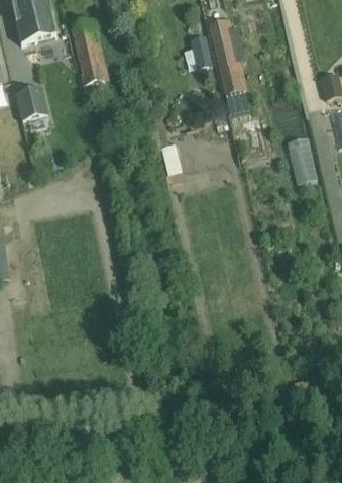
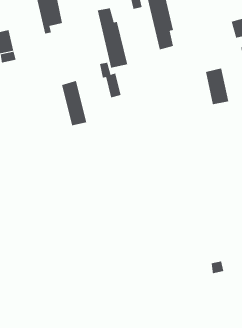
building: none -> [97,7,128,68]
building: none -> [62,80,87,126]

